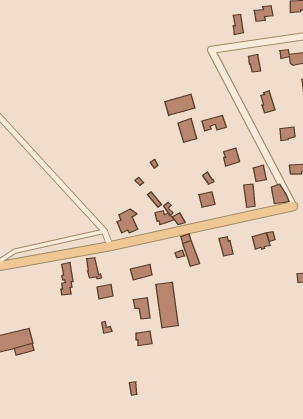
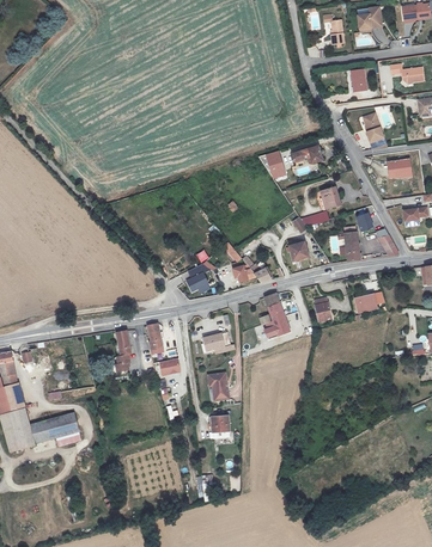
building: [165,94,195,116] -> none
building: [156,282,178,328] -> none

